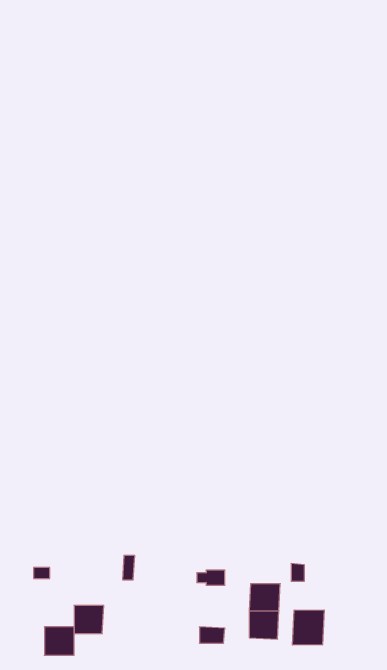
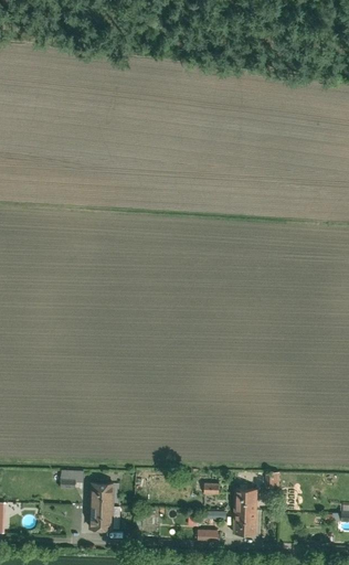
building: [293,610,324,645] -> none
building: [44,627,74,655] -> [89,486,114,509]

